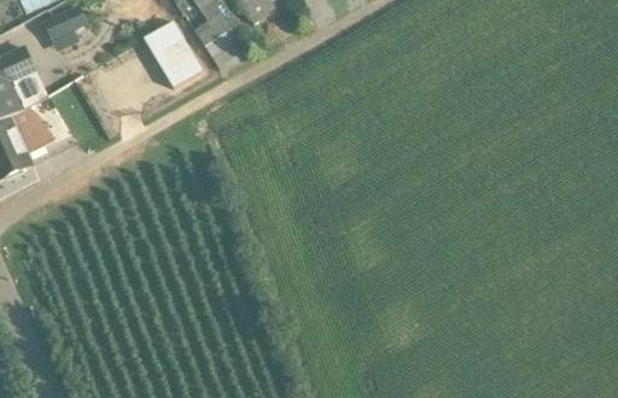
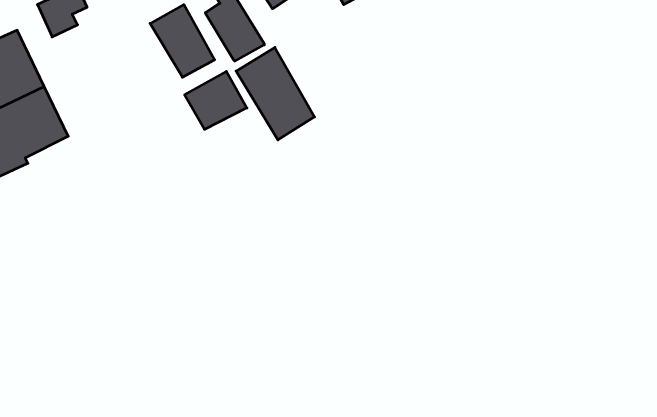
building: none -> [236,47,315,140]
building: none -> [185,71,247,129]

